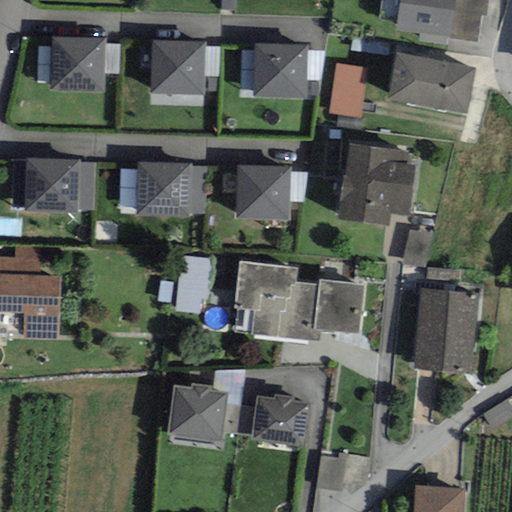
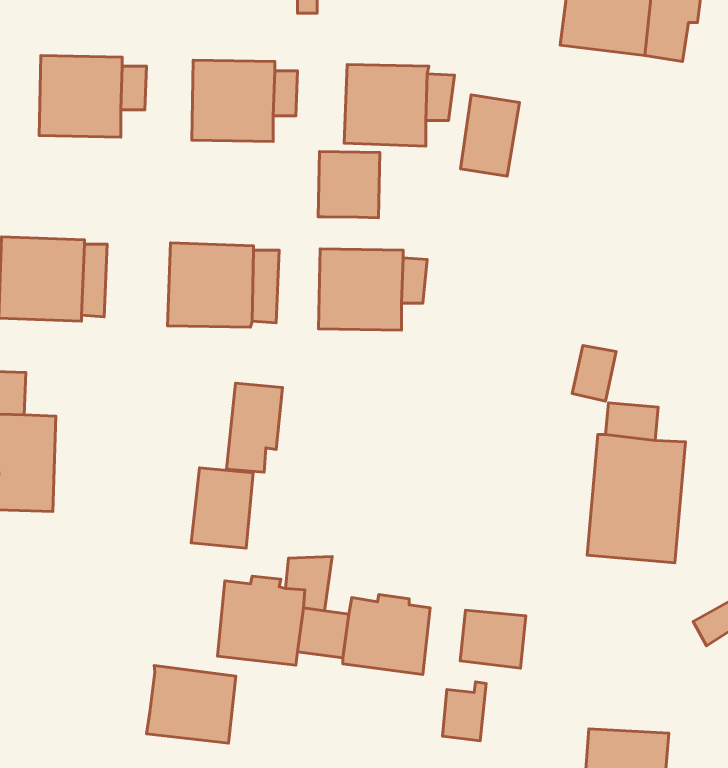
building: [385,52,474,115] -> none
building: none -> [318,151,380,218]
building: [336,144,415,226] -> none
building: [233,262,364,340] -> none
building: none -> [191,468,253,548]
building: none -> [460,610,526,668]
building: none -> [146,666,236,743]

